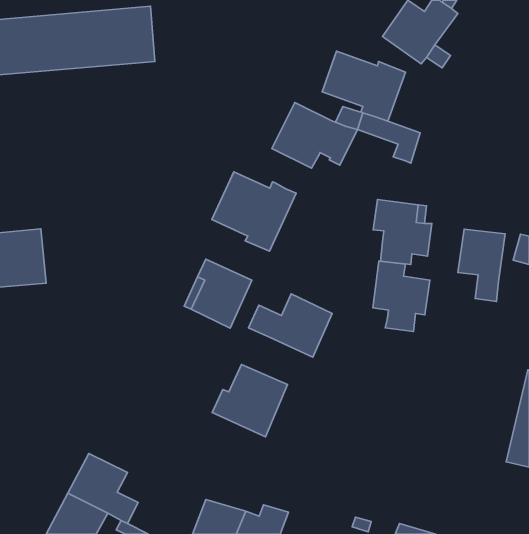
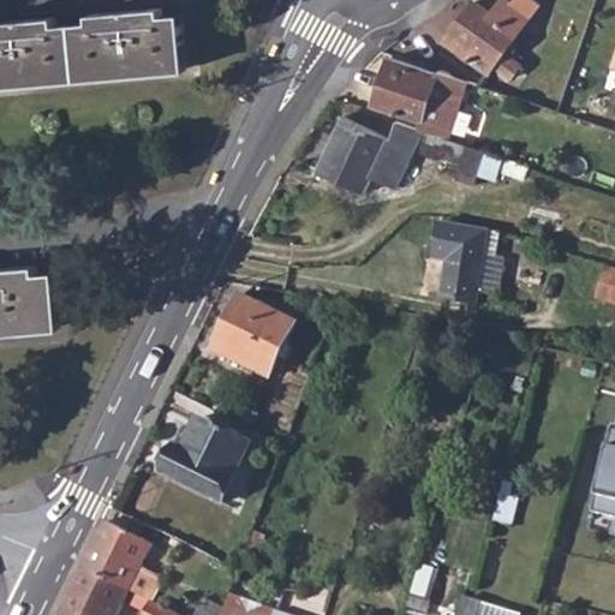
building: [212,172,296,251] -> none
building: [458,229,505,301] -> none
building: [373,261,430,332] -> none
building: [248,294,332,357] -> none
building: [212,365,287,437] -> [161,422,247,504]

